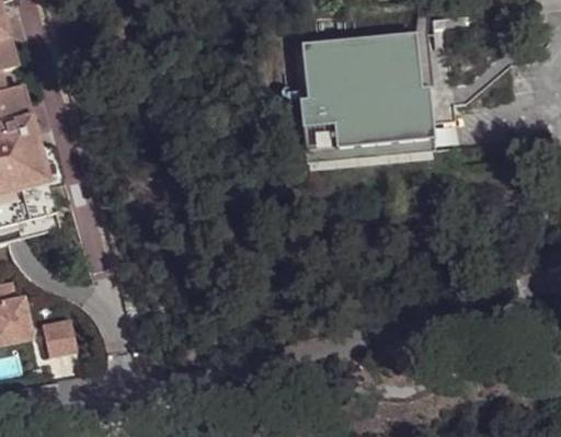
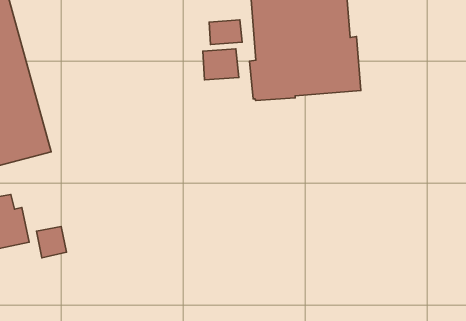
building: none -> [209,20,242,44]
building: none -> [203,49,239,80]

